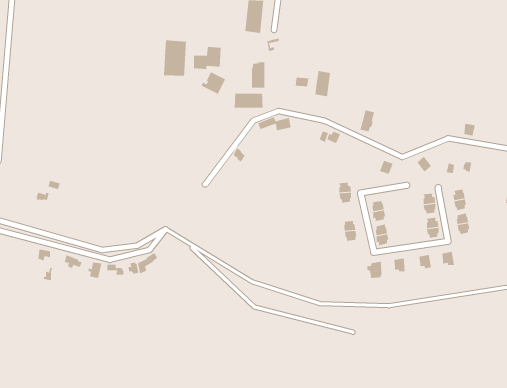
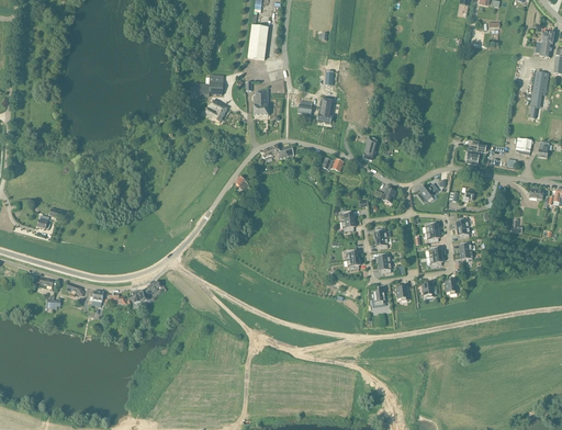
building: [164,39,186,76] -> none
building: [234,93,263,108] -> none

